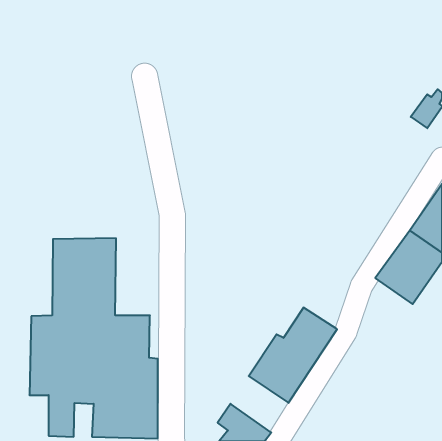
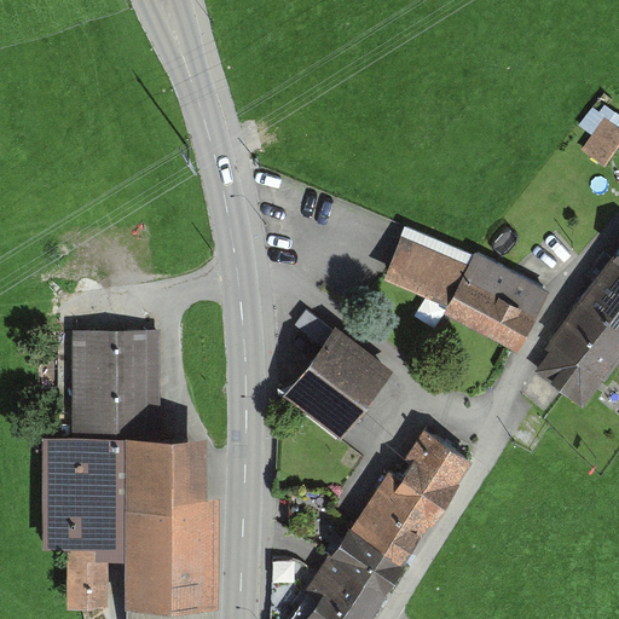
building: none -> [386,235,554,352]
building: none -> [285,307,393,438]
building: none -> [322,526,403,601]

